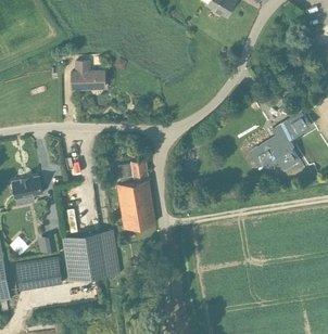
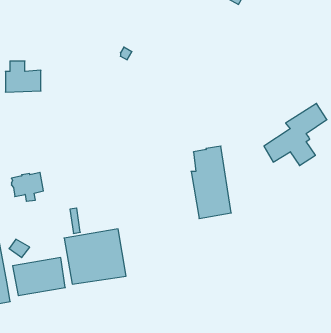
building: [72,61,105,90] -> [5,61,41,92]
building: [117,159,155,228] -> [191,146,231,219]

